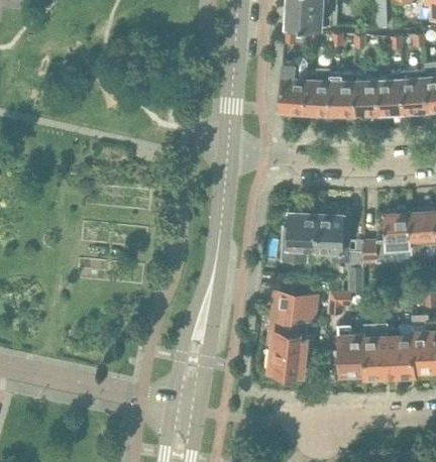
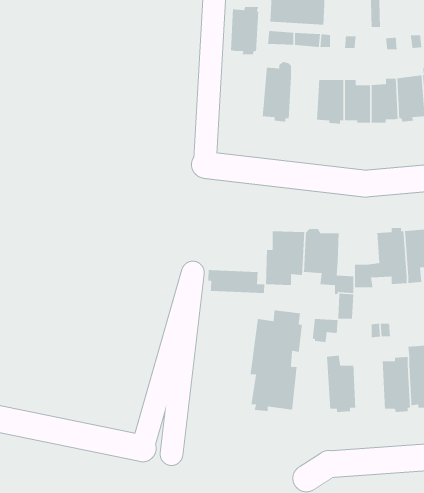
building: [304,72,330,116] -> [230,6,259,55]
building: none -> [207,269,265,294]
building: [362,331,390,379] -> none

